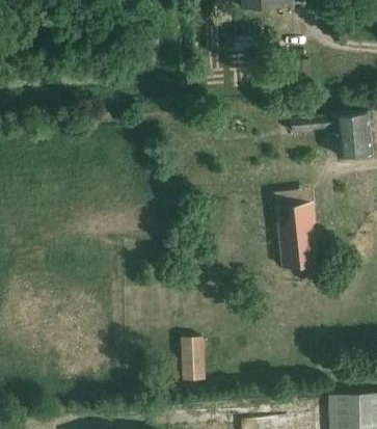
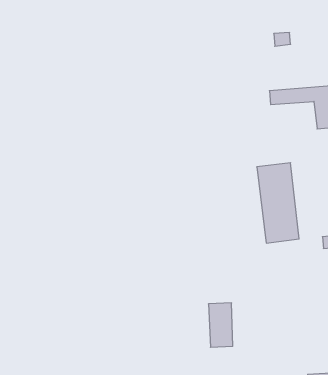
building: [180,337,204,380] -> [208,303,233,347]

